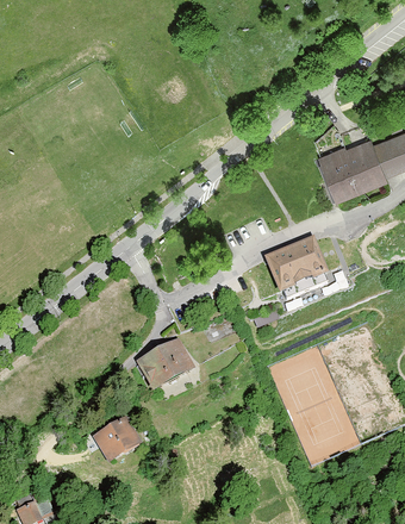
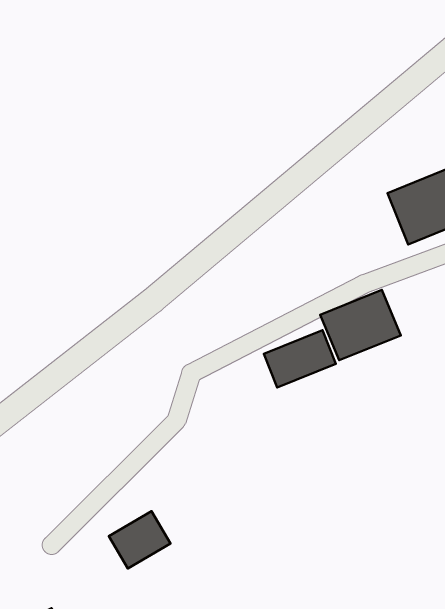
building: none -> [264,330,336,387]
building: [138,343,199,400] -> none

